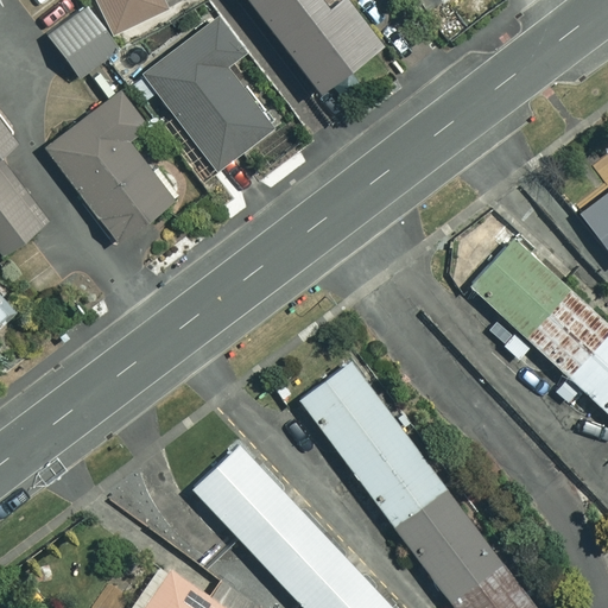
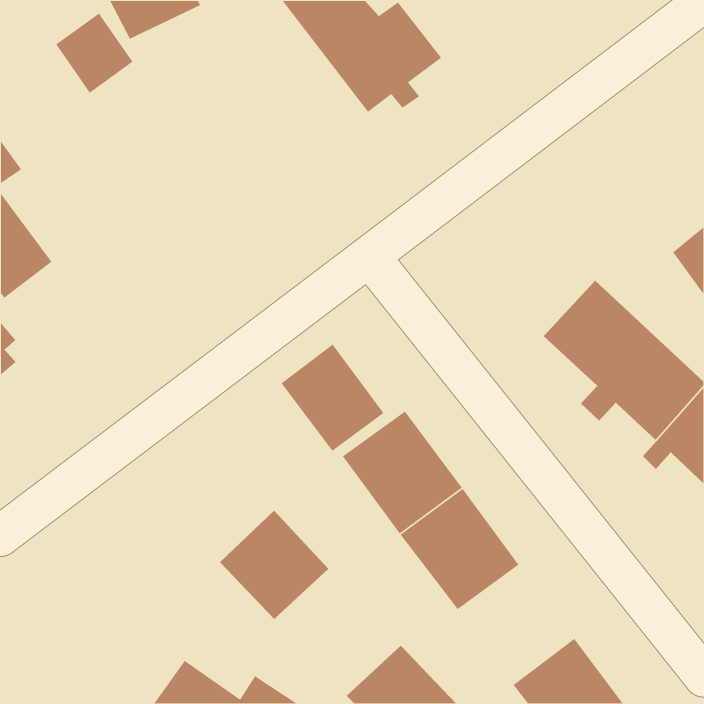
building: [142,19,286,173] -> none
building: [45,70,172,246] -> none
building: none -> [281,343,384,452]
building: [394,487,495,590] -> none
building: [236,490,346,600] -> none

